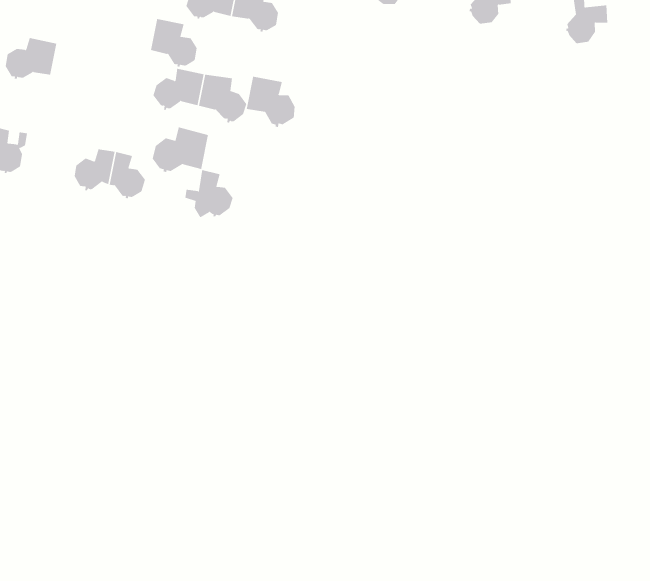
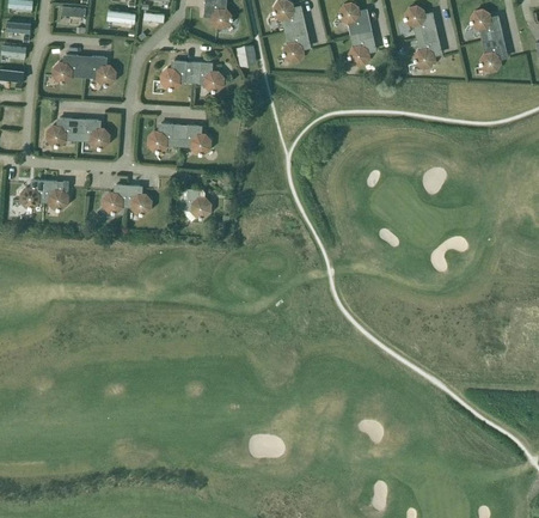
building: [150,18,197,67] -> [78,118,109,148]
building: [246,76,295,128] -> none
building: [152,127,209,173] -> none

